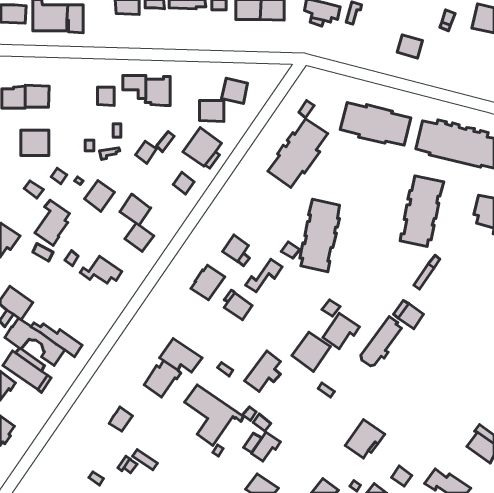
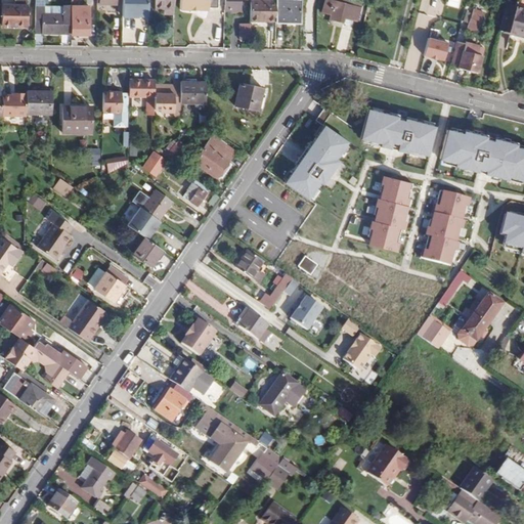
building: none -> [458,42,483,72]
building: [200,100,224,122] -> [180,81,206,103]
building: [21,130,49,155] -> [61,105,91,132]
building: [84,181,114,211] -> [141,187,173,220]
building: [300,199,339,272] -> [370,176,412,253]
building: [191,265,225,300] -> [180,318,216,355]
building: none -> [291,296,323,330]
building: none -> [68,299,105,341]
building: [361,317,402,366] -> [457,293,500,345]
building: [292,332,330,372] -> none
building: none -> [148,440,177,474]
building: none -> [78,457,115,496]
building: none -> [460,467,491,500]
building: none -> [48,489,77,517]

